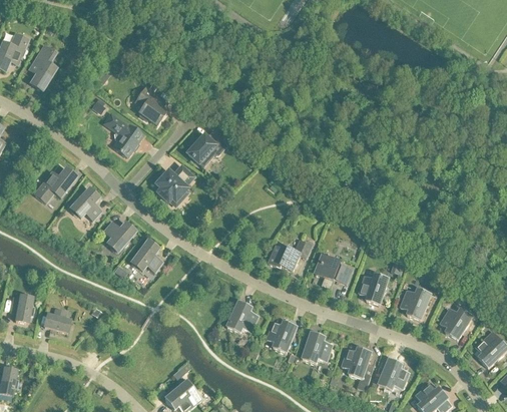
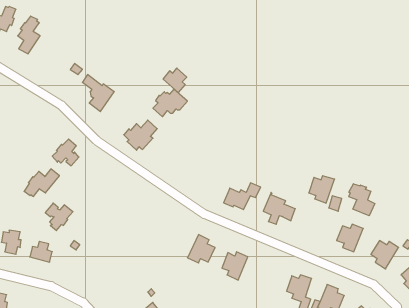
building: [135,86,166,124] -> none
building: none -> [163,68,187,93]
building: [35,168,76,200] -> [24,169,59,196]
building: [103,221,135,253] -> [45,203,73,231]
building: none -> [349,184,375,216]
building: [130,241,162,272] -> none
building: [360,273,390,305] -> [309,176,335,203]
building: [303,331,333,363] -> none

